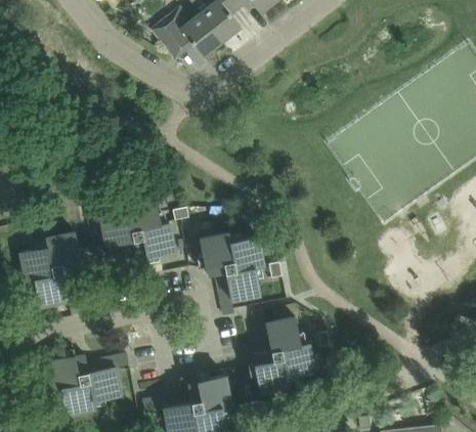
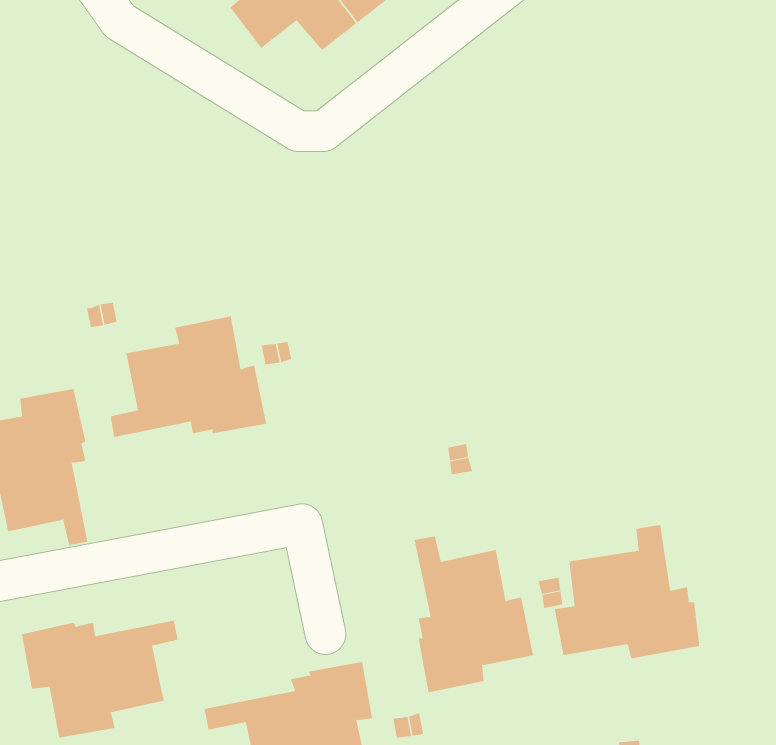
building: [200,233,264,315] -> none
building: none -> [554,524,700,659]

